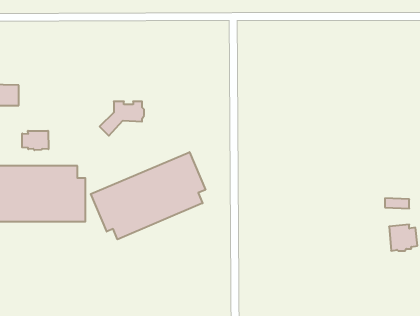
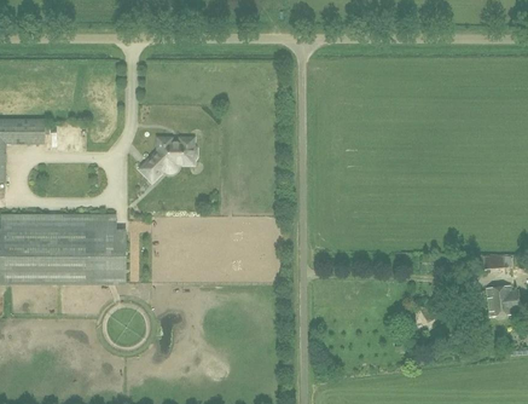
building: [22,131,48,150] -> none
building: [91,152,205,239] -> none

